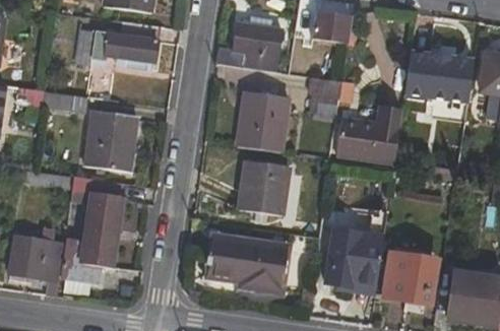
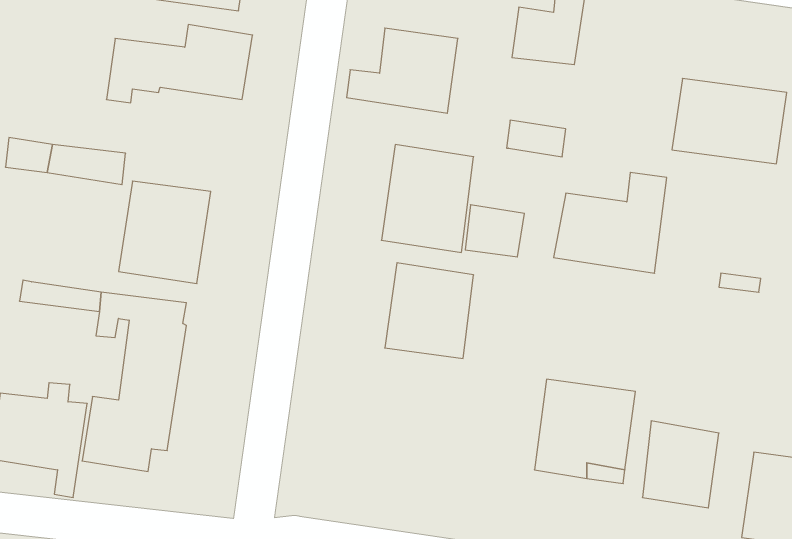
building: [307,92,341,123] -> [465,205,524,257]
building: [207,234,289,294] -> none

